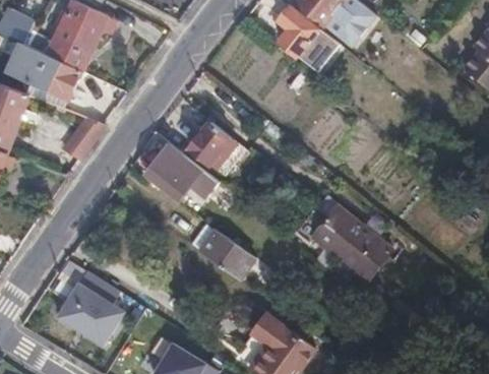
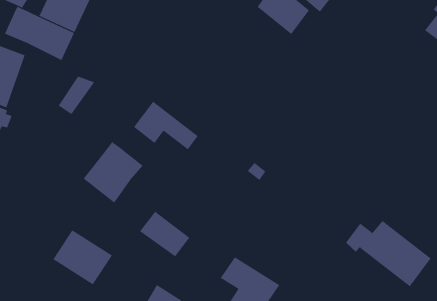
building: [190,121,231,165] -> none
building: none -> [83,141,144,203]
building: [296,208,390,282] -> [345,220,432,287]
building: [198,228,254,278] -> [139,211,190,257]

